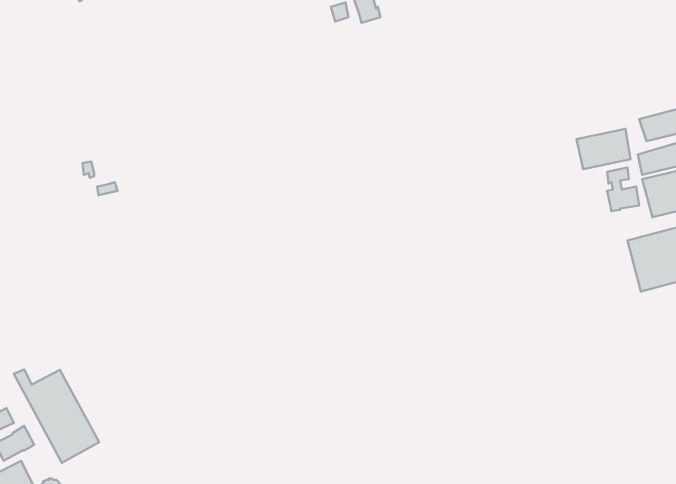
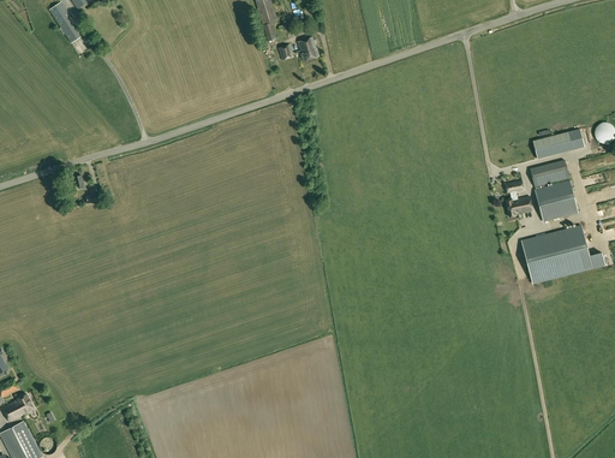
building: [576,129,630,169] -> none
building: [14,369,99,463] -> none

